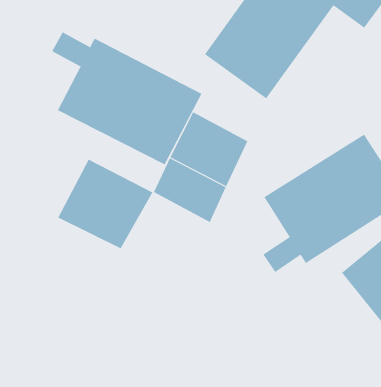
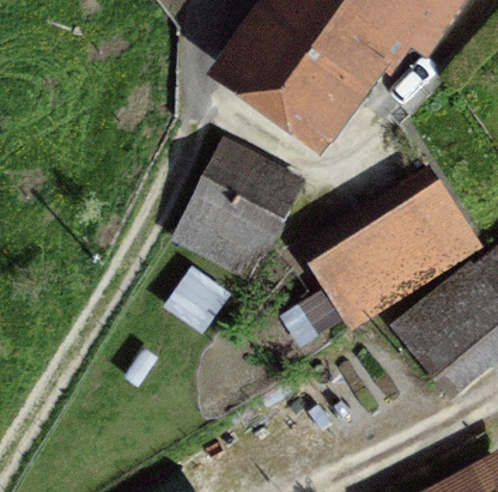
building: [52,31,202,165] -> none
building: [57,159,153,249] -> none

